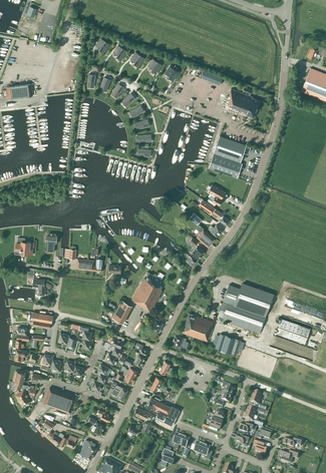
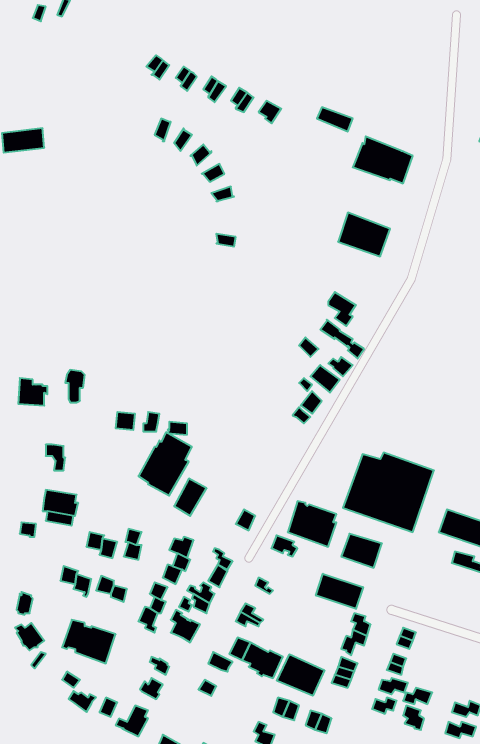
building: [209,153,242,177] -> none
building: [131,273,165,312] -> [138,432,192,496]
building: none -> [316,574,363,609]
building: none -> [277,654,324,696]

